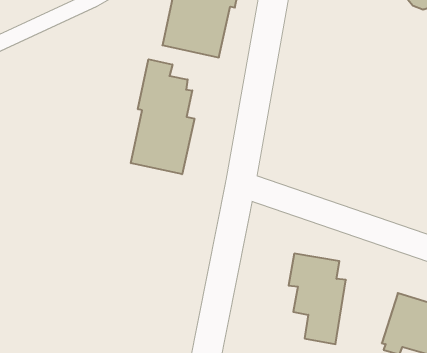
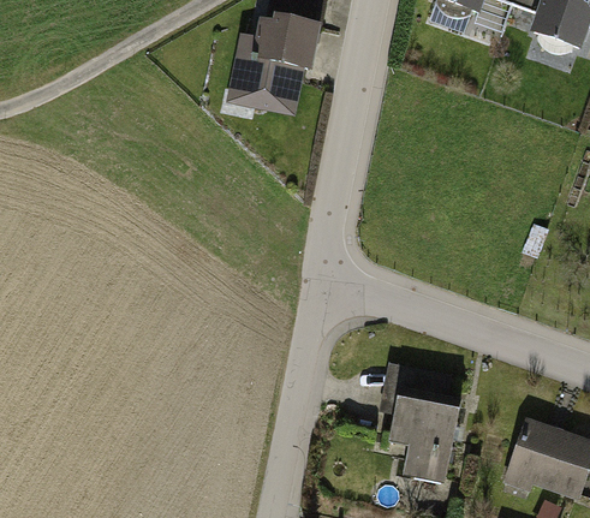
building: [131,59,194,174] -> none

